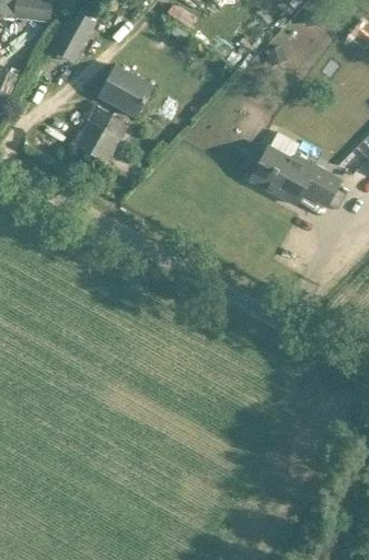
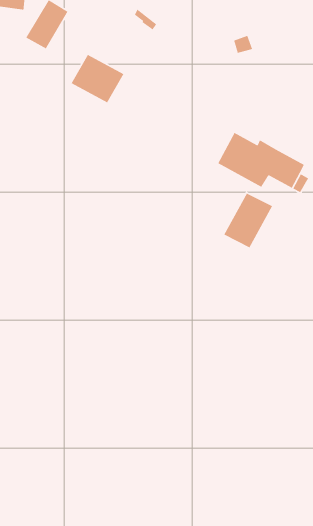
building: [74,107,127,162] -> none
building: none -> [223,192,273,248]

